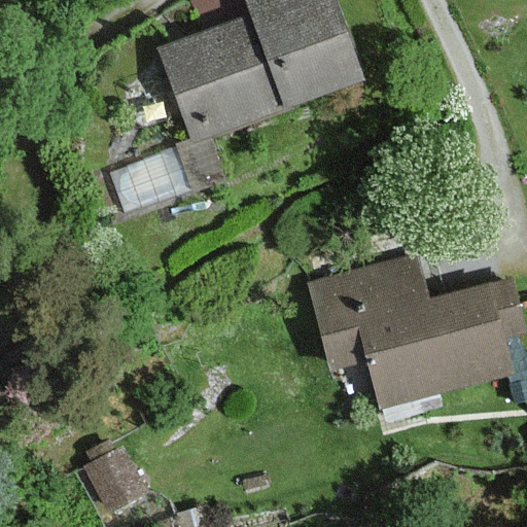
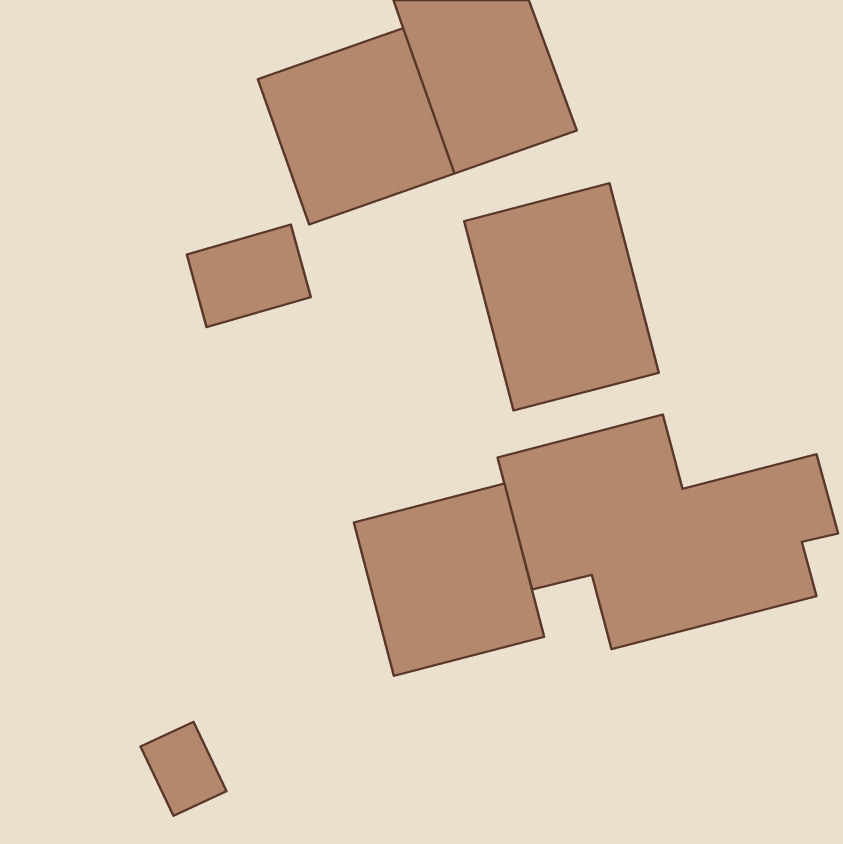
building: none -> [464,183,659,410]
building: none -> [354,484,544,676]

